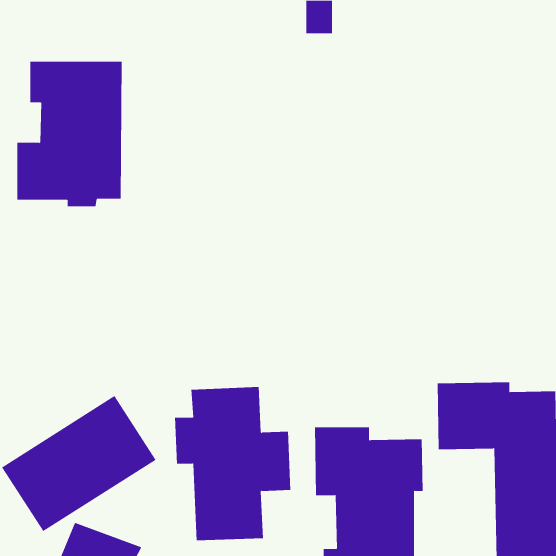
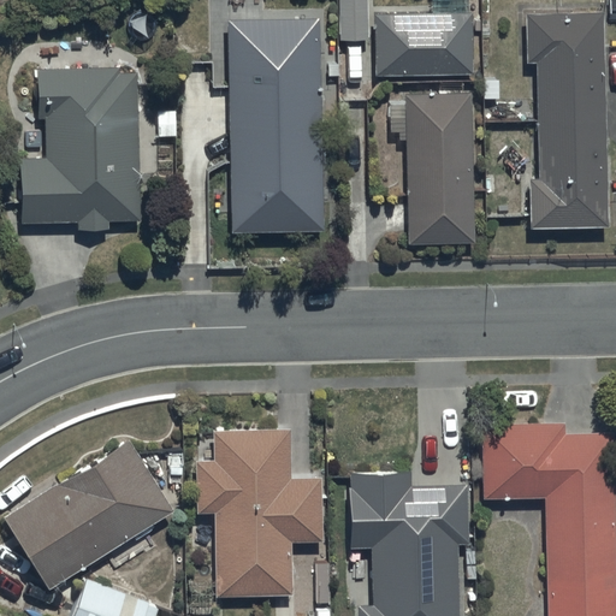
building: none -> [526,13,608,229]
building: none -> [375,14,473,75]
building: none -> [229,19,324,236]
building: none -> [390,95,473,243]

